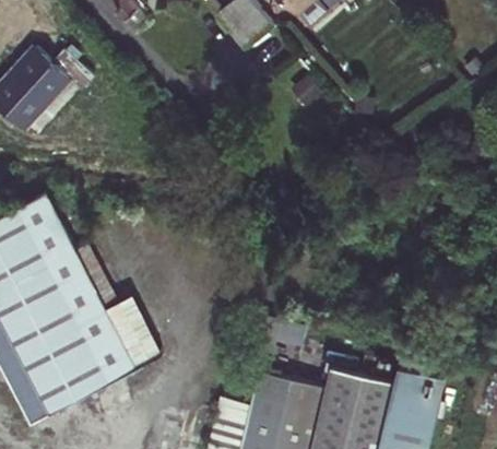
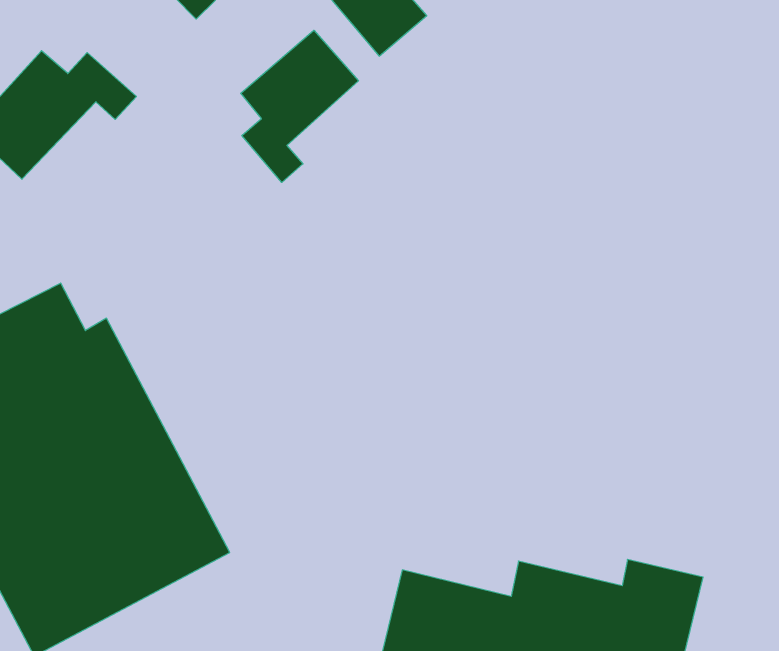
building: none -> [241,30,358,182]

